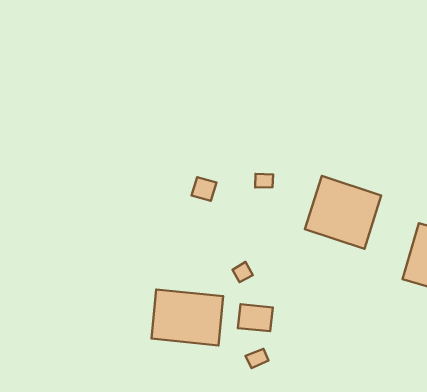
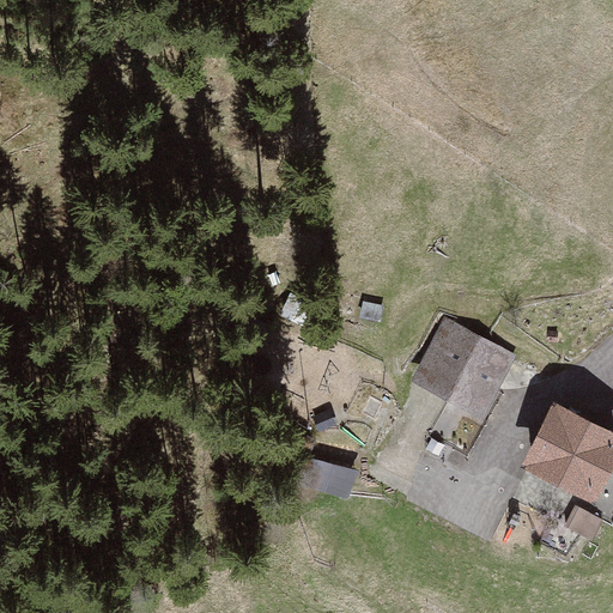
building: [151,289,223,345] -> none

